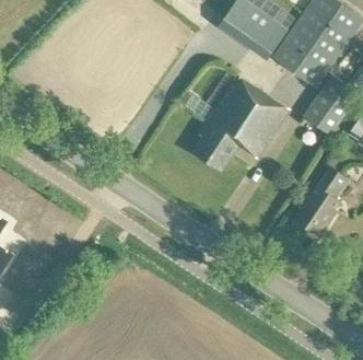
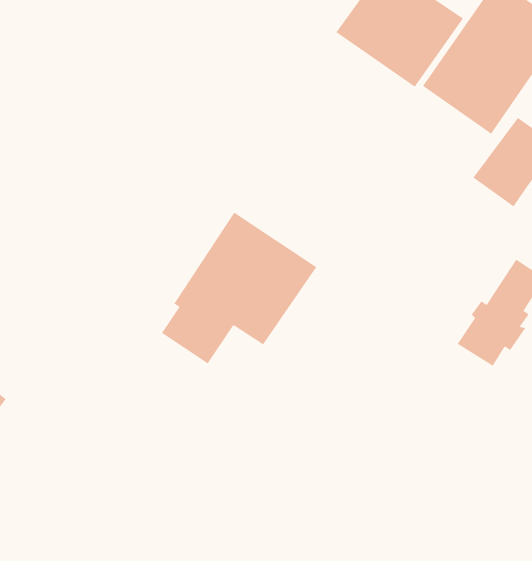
building: [190,77,289,173] -> [161,212,317,364]

